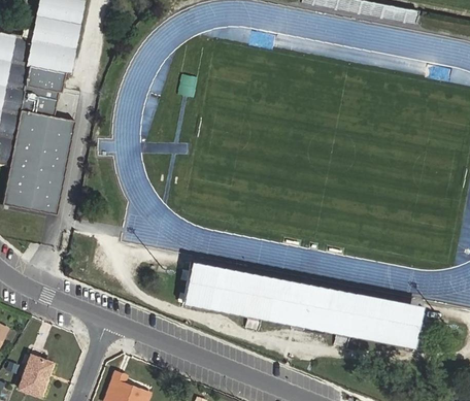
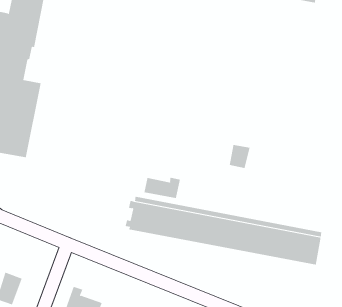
building: none -> [229,144,250,169]
building: none -> [144,177,181,199]

